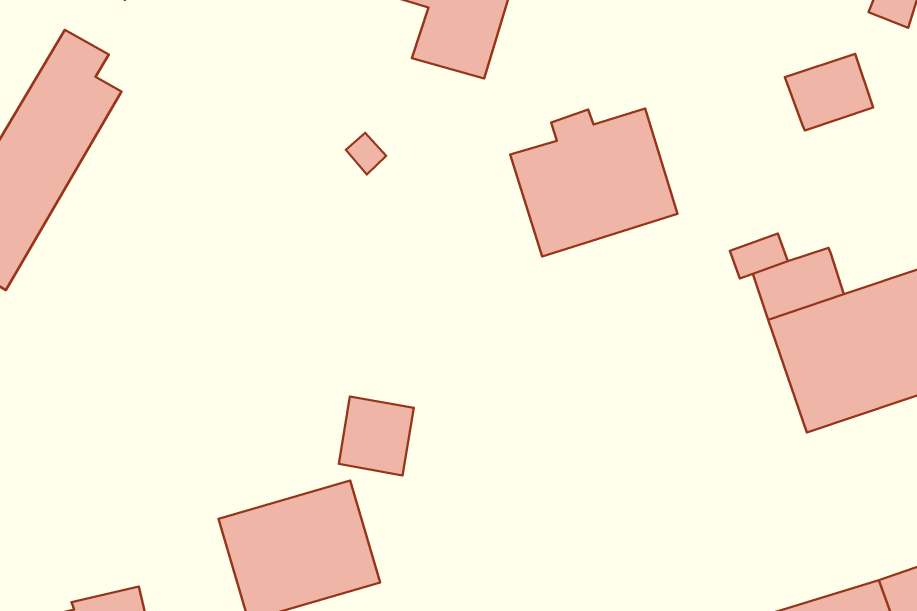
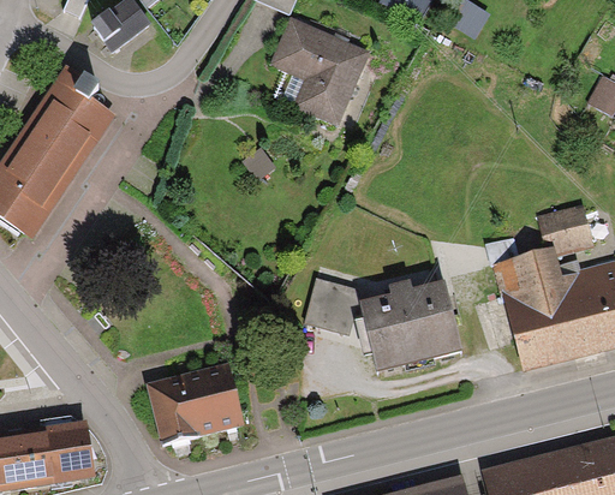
building: [785,54,873,131] -> [536,204,590,250]
building: [510,108,677,256] -> [359,278,461,368]
building: [339,396,414,475] -> [300,274,351,327]

